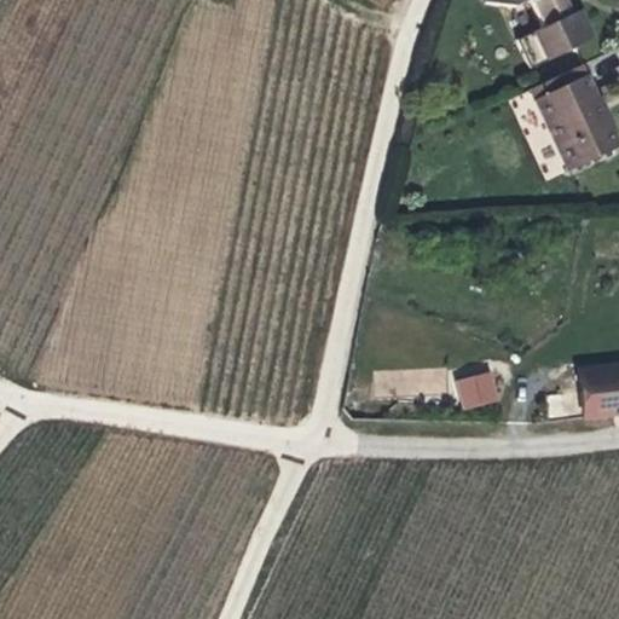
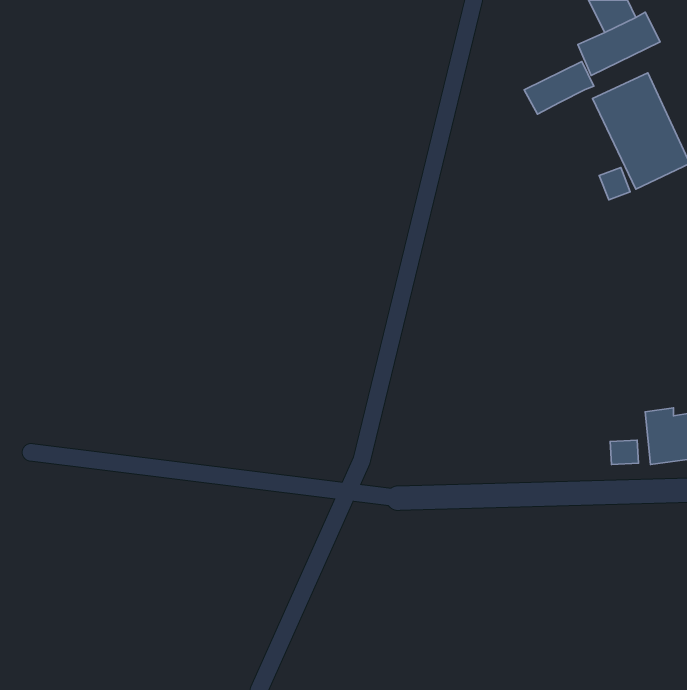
building: none -> [524,62,594,114]
building: [457,370,502,410] -> none

